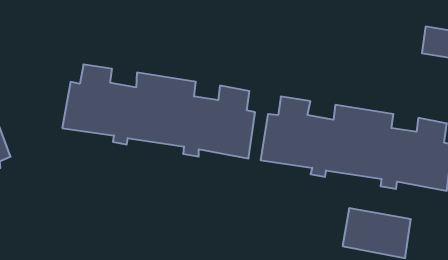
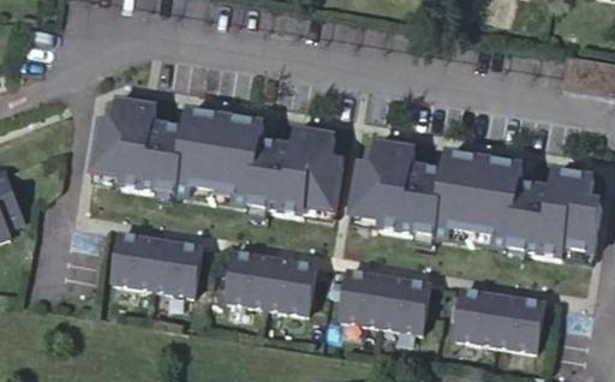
building: none -> [113,231,203,294]
building: none -> [226,249,316,312]
building: none -> [340,265,429,330]

